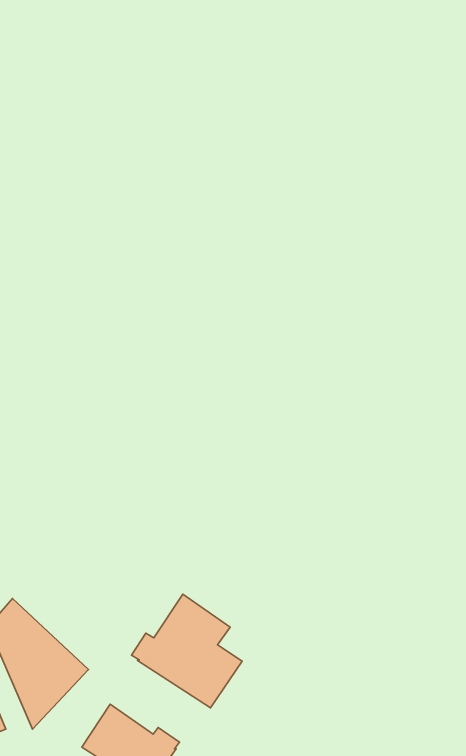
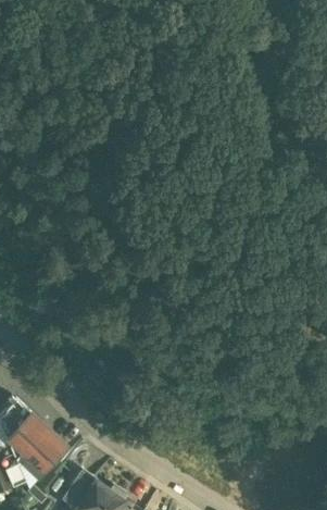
building: [131,594,242,708] -> none

